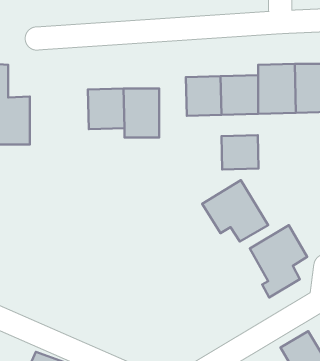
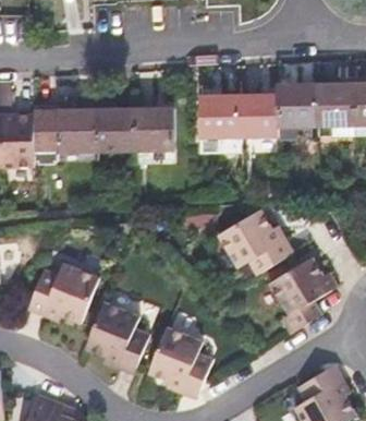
building: none -> [33,104,96,166]
building: [221,135,258,169] -> none
building: none -> [32,264,101,324]
building: none -> [87,301,151,369]
building: none -> [148,326,211,392]

